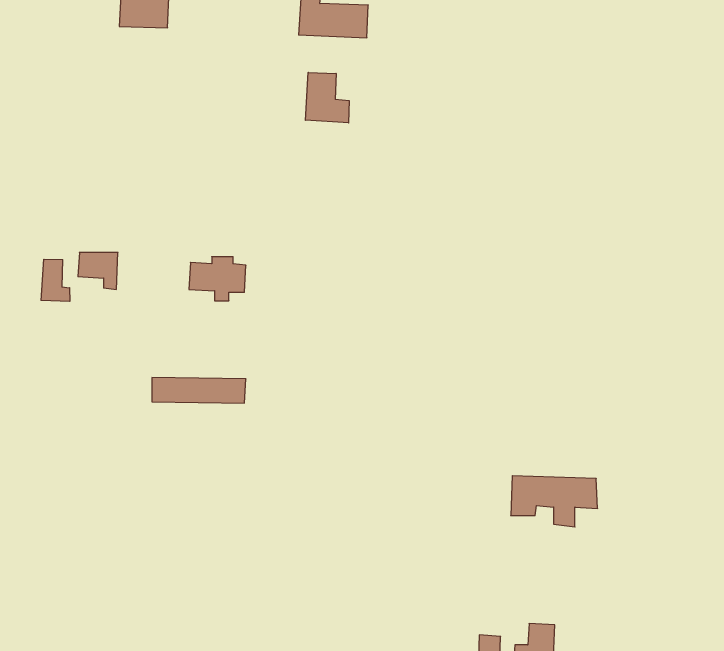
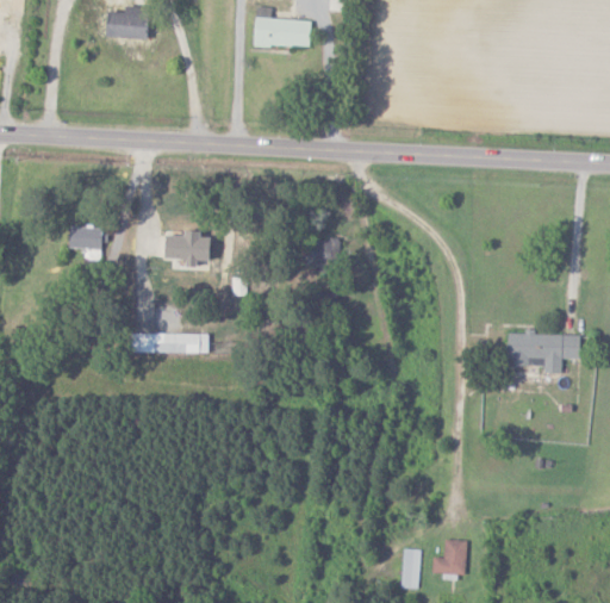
building: [305,72,349,123] -> none
building: [41,259,70,301] -> none
building: [511,476,598,527] -> [508,332,580,375]

